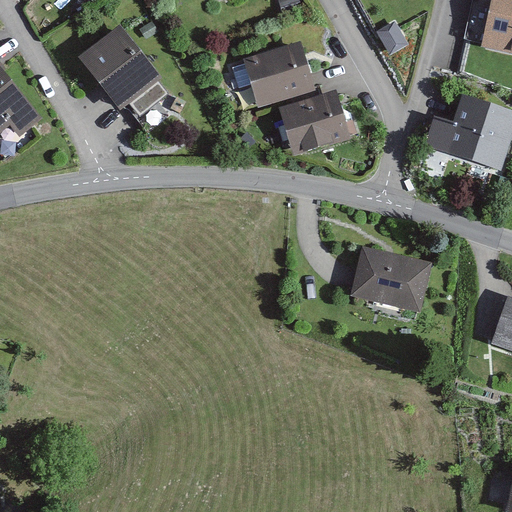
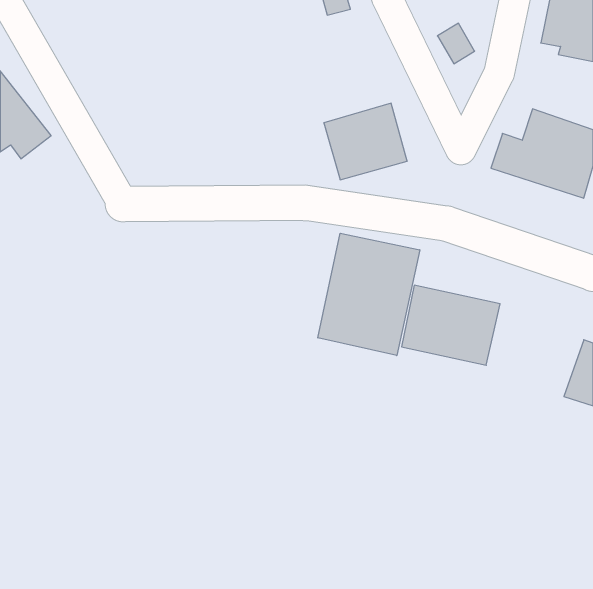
building: [78,23,169,110] -> none
building: [245,40,316,106] -> none
building: none -> [318,233,420,356]

